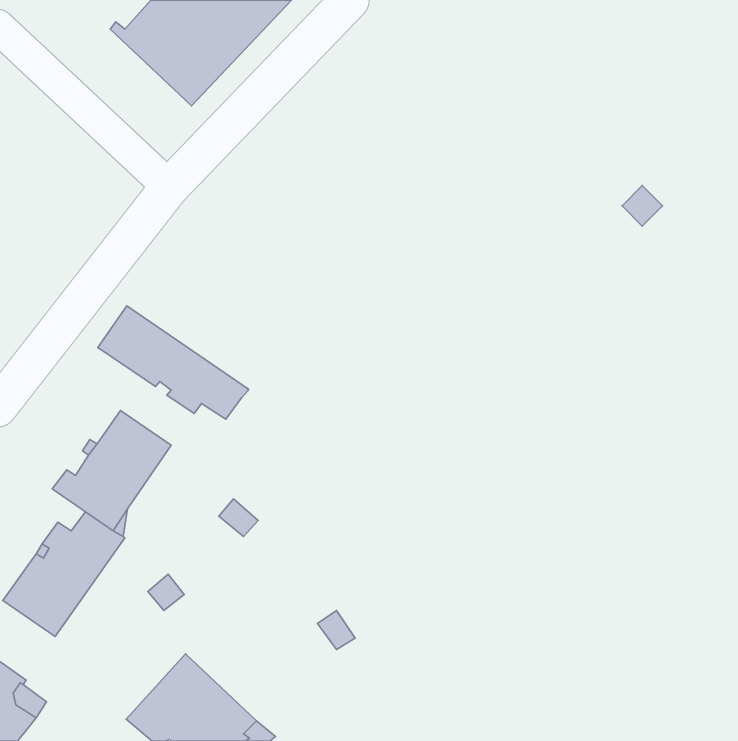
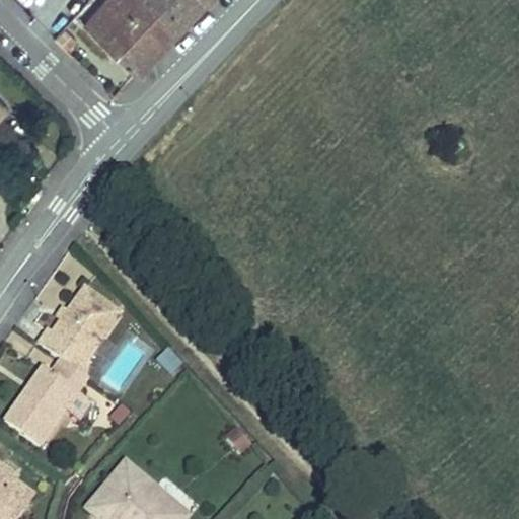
building: [98,306,248,419] -> none

